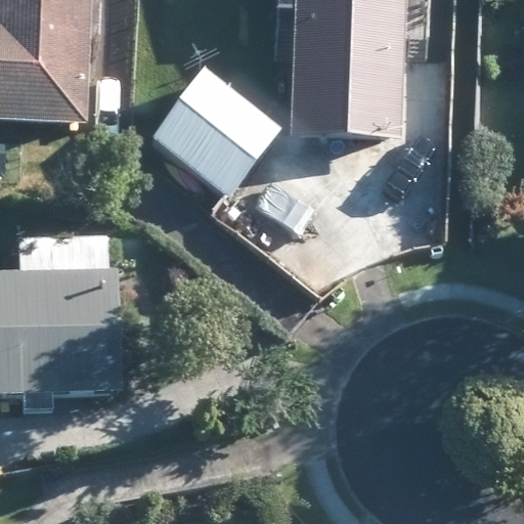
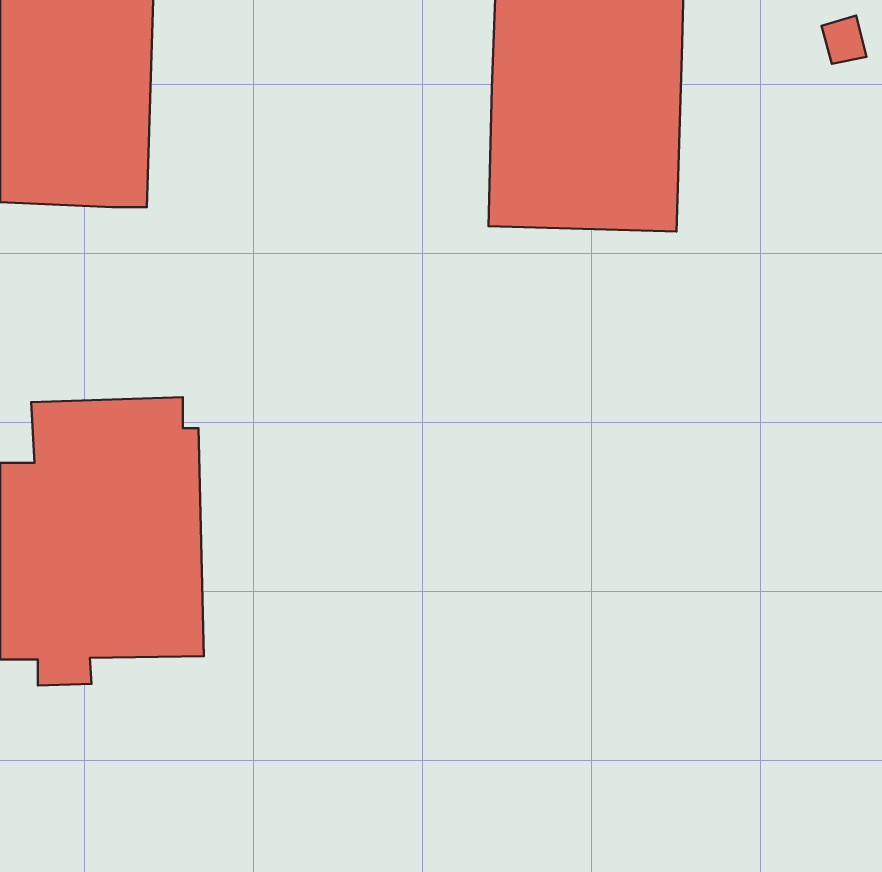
building: [151,68,280,195] -> none

